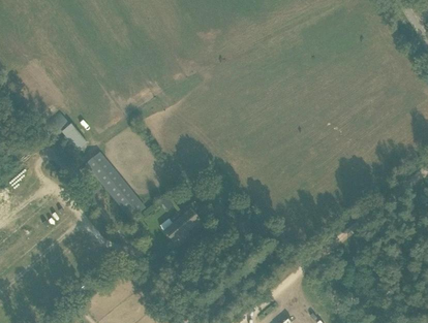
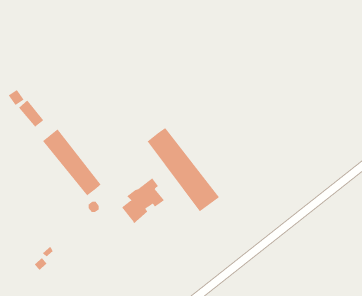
building: none -> [147,127,220,212]

